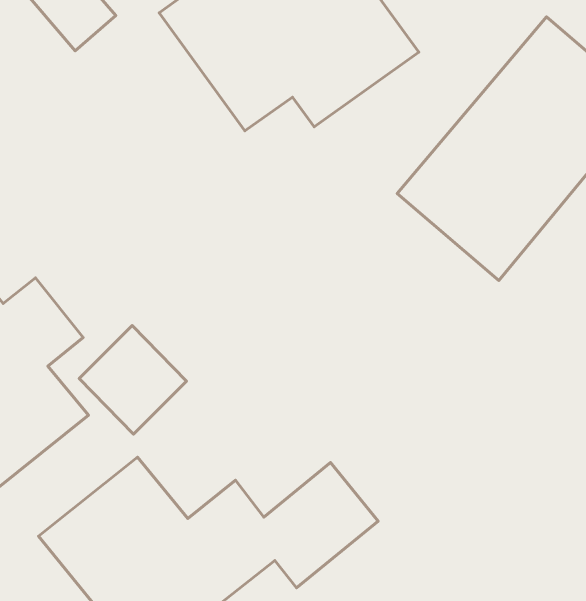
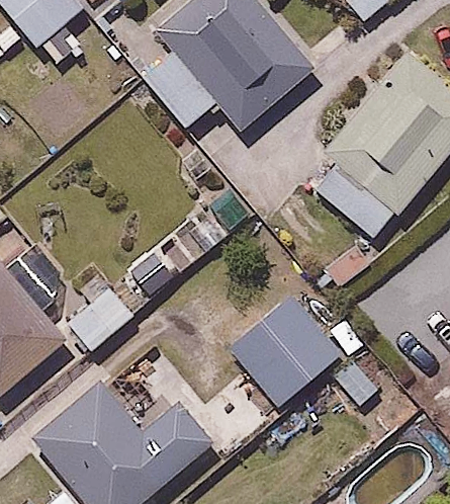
building: none -> [231,292,349,410]

